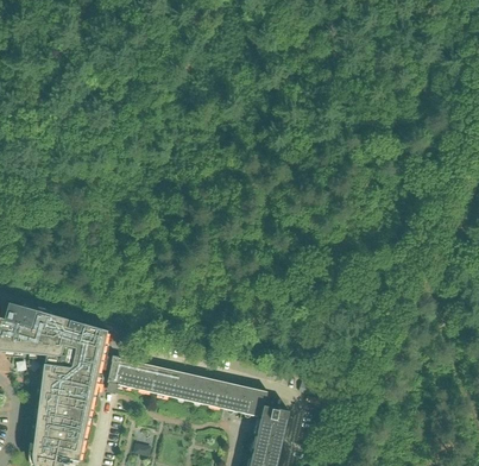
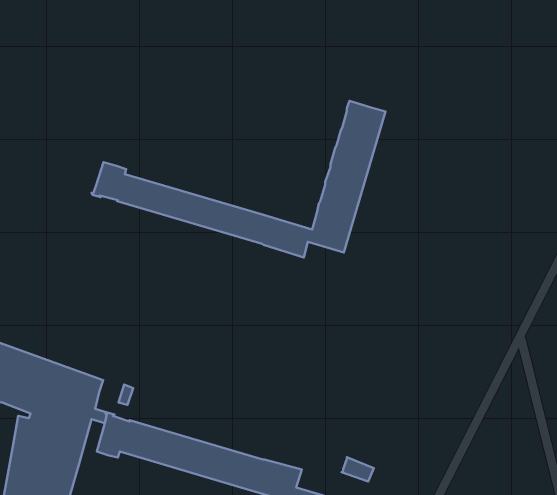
building: none -> [92,101,385,257]

